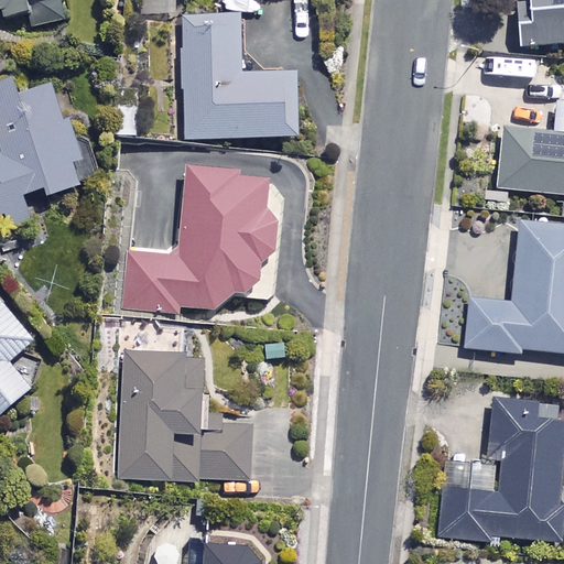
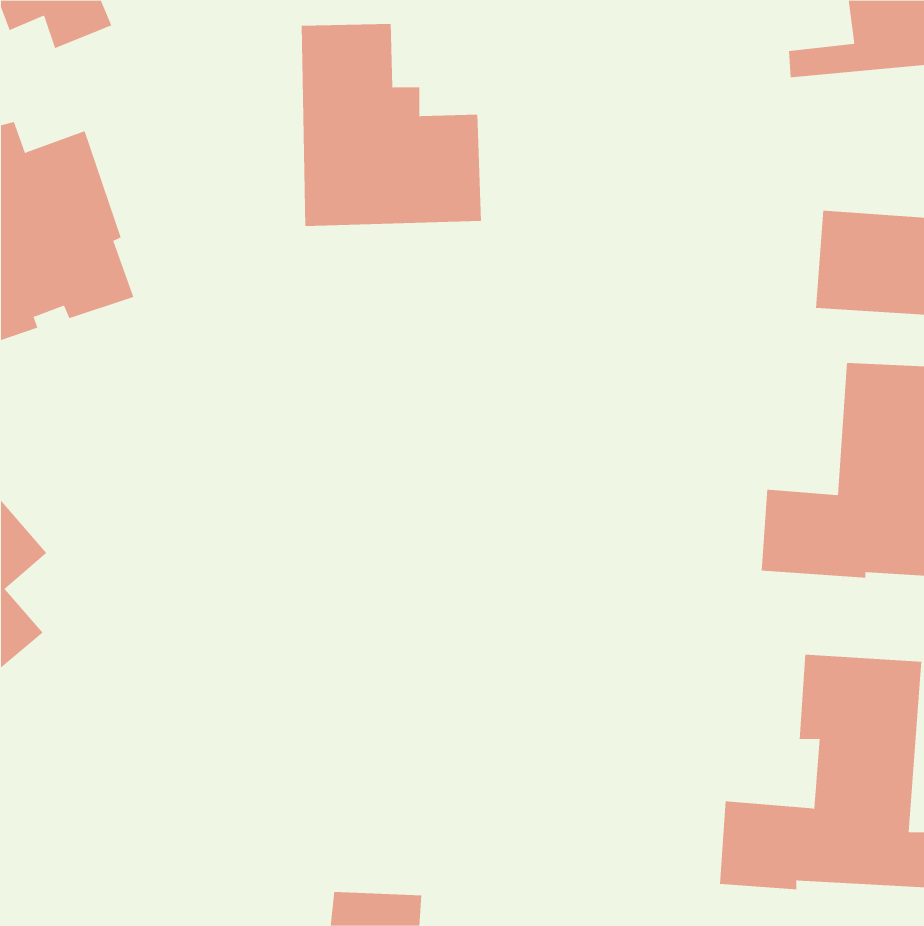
building: [131,170,271,313] -> none
building: [120,351,250,480] -> none

